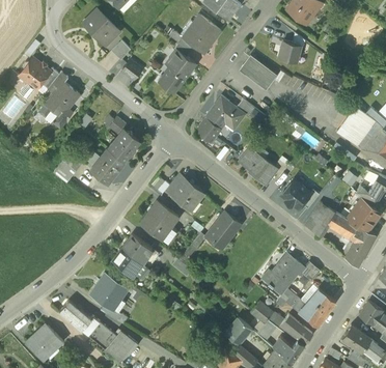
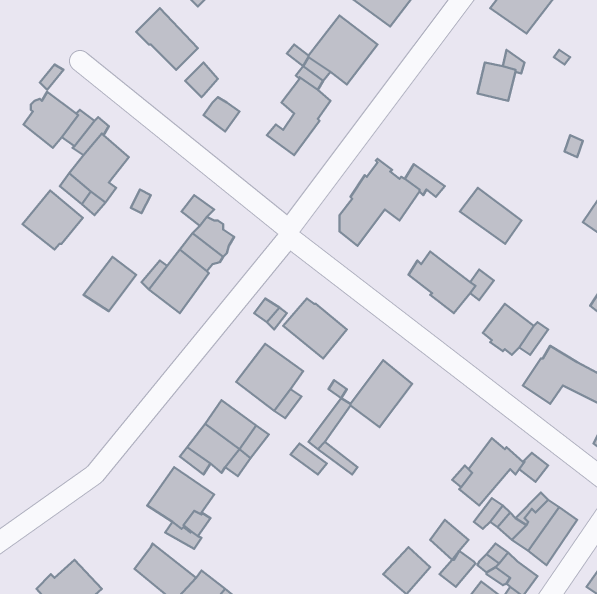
building: [240,56,275,88] -> [460,188,522,244]
building: none -> [23,191,83,249]
building: [59,300,91,330] -> none

